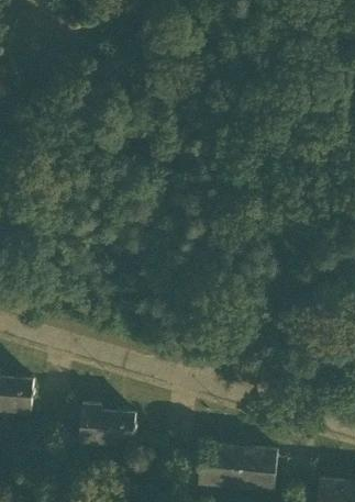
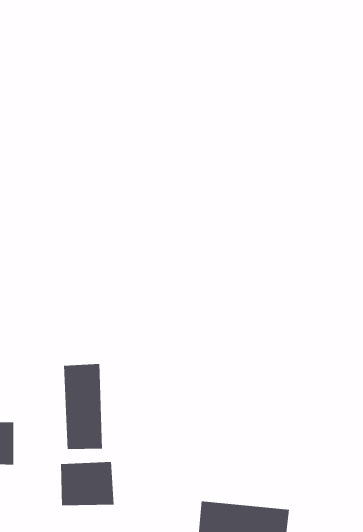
building: none -> [63,363,102,450]

